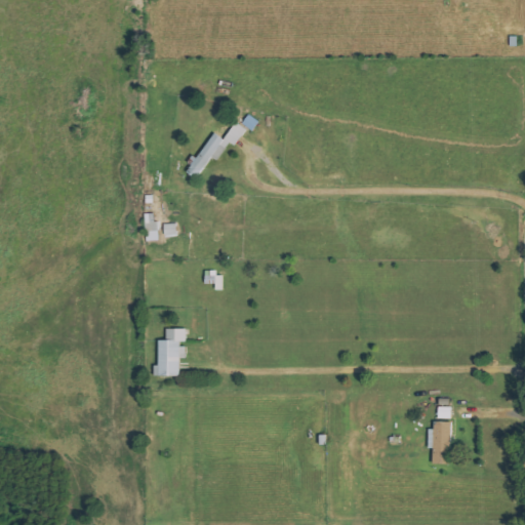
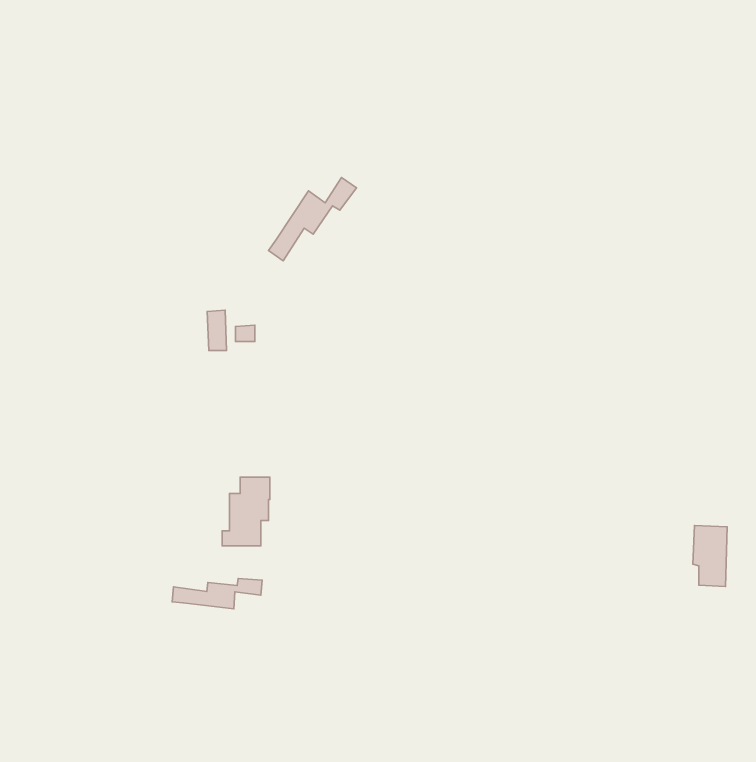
building: none -> [172,579,262,609]
building: [428,421,451,463] -> [693,525,727,587]

